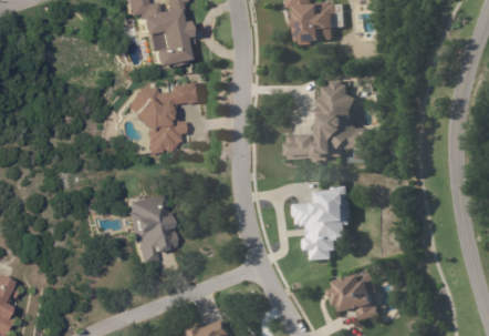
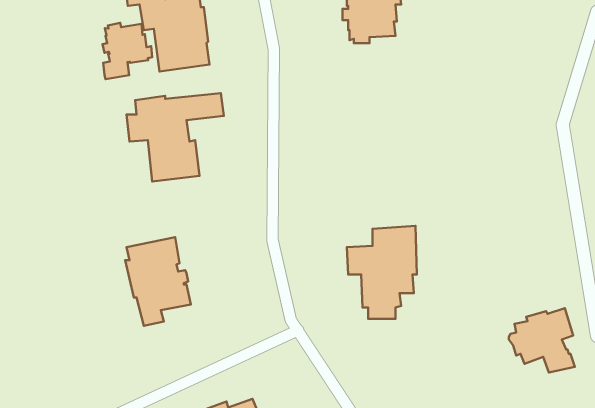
building: none -> [103,23,152,79]
building: [288,80,366,161] -> none
building: [330,271,381,320] -> [509,308,575,373]

